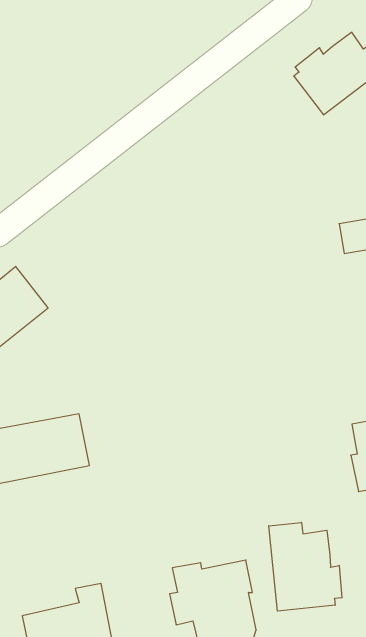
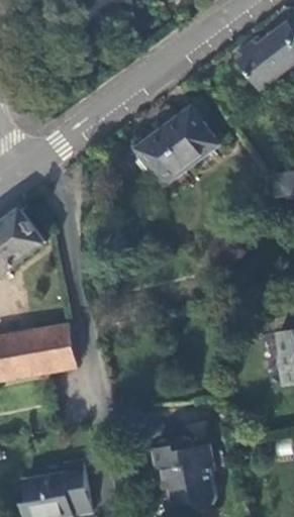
building: none -> [135,106,219,185]
building: [269,522,342,611] -> none

